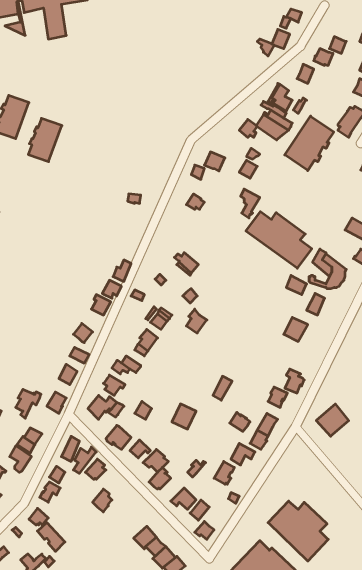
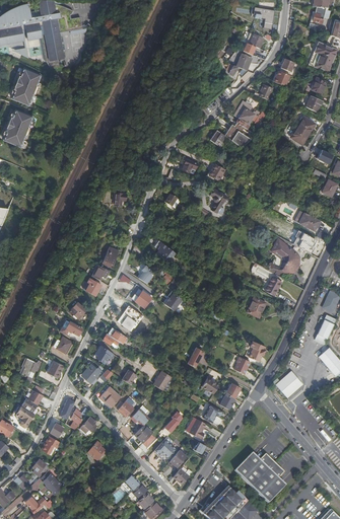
building: [285,116,334,171] -> none
building: [28,118,62,162] -> [11,68,40,104]
building: [246,212,312,268] -> none

